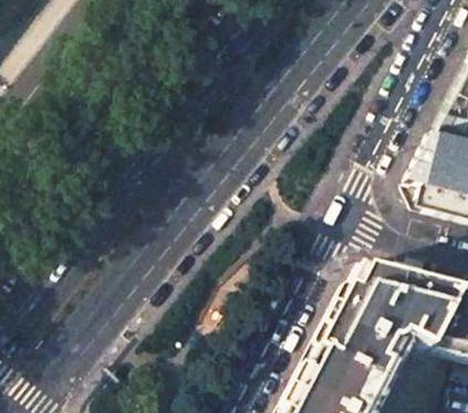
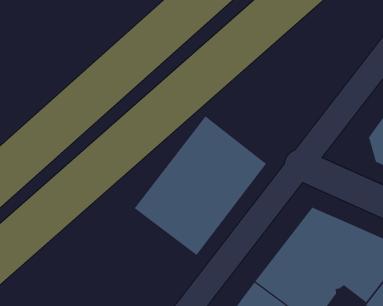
building: none -> [134,115,267,256]

